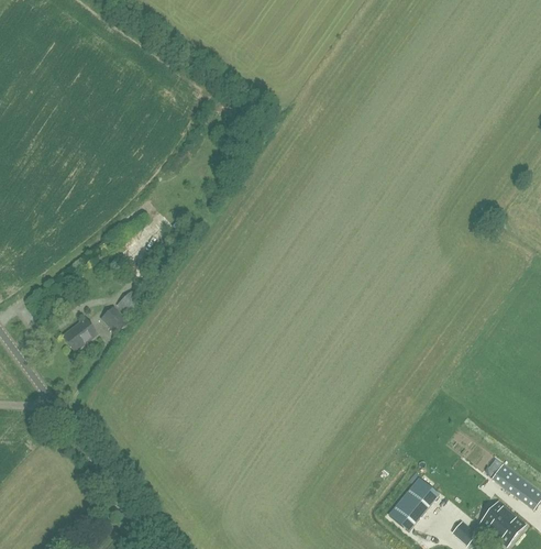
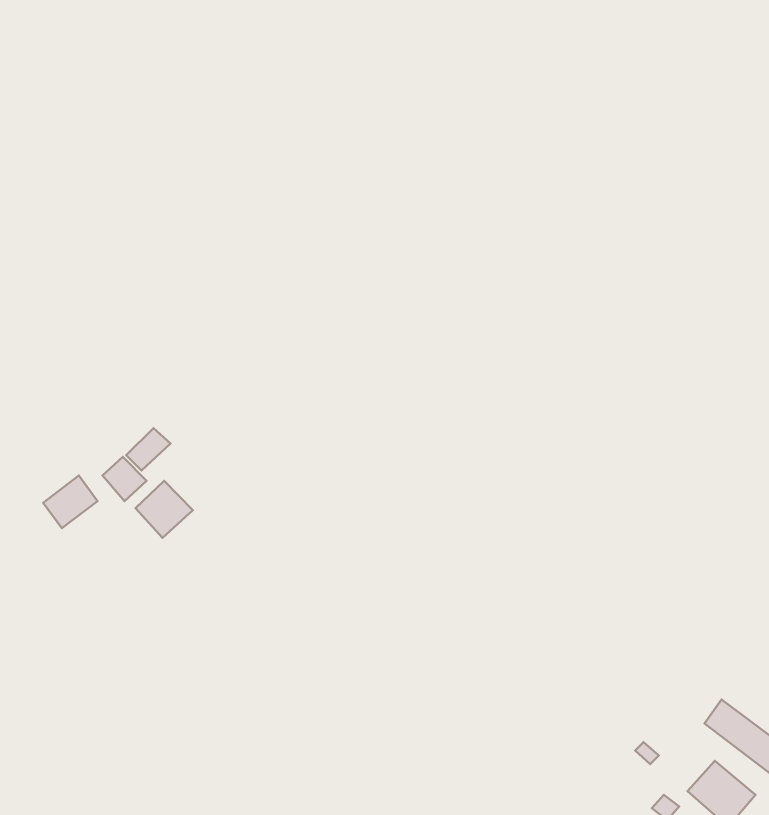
building: none -> [136,481,193,538]
building: [388,477,438,530] -> none

